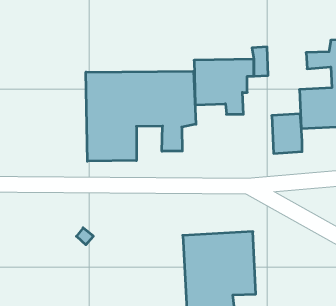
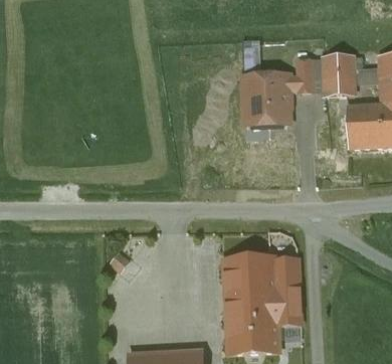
building: [86,71,196,161] -> none
building: [272,114,302,153] -> [323,53,355,96]

